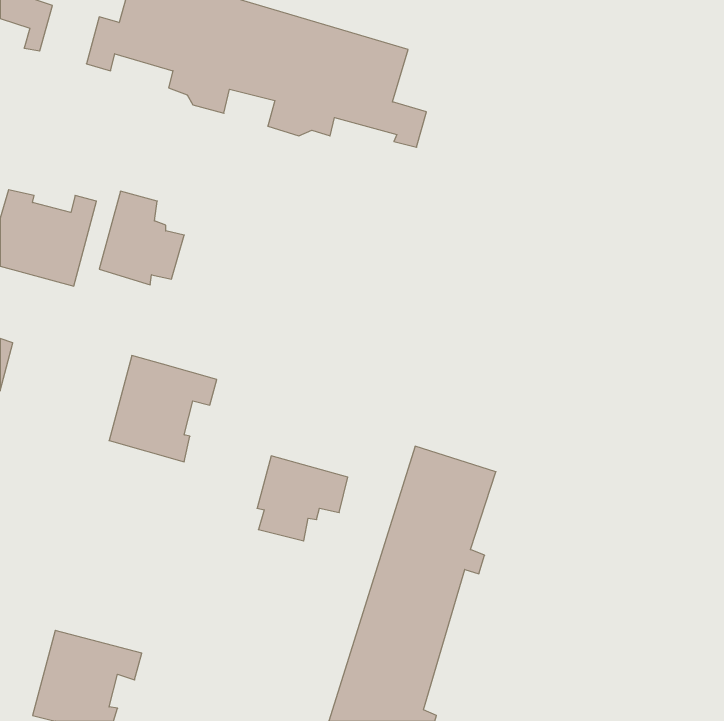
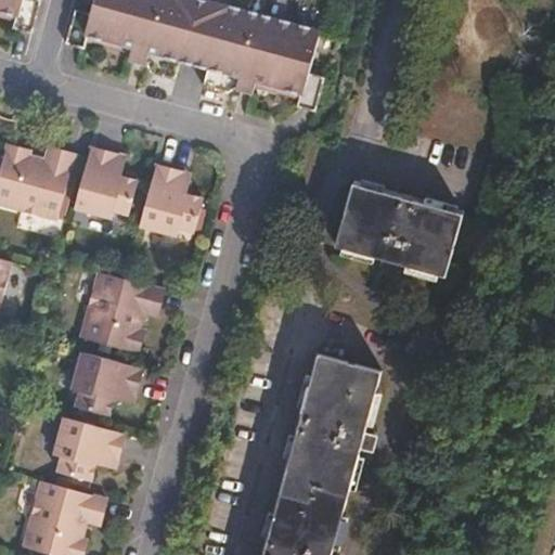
building: none -> [140,163,205,236]
building: none -> [335,172,462,266]
building: [257,456,348,541] -> [74,353,143,418]
building: none -> [55,420,126,482]

